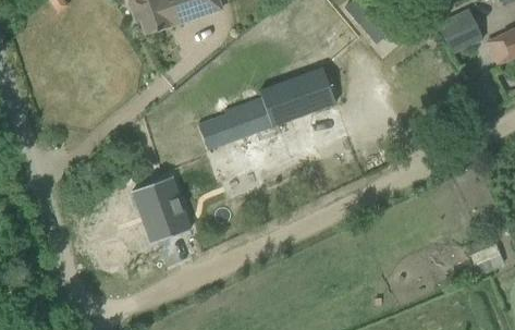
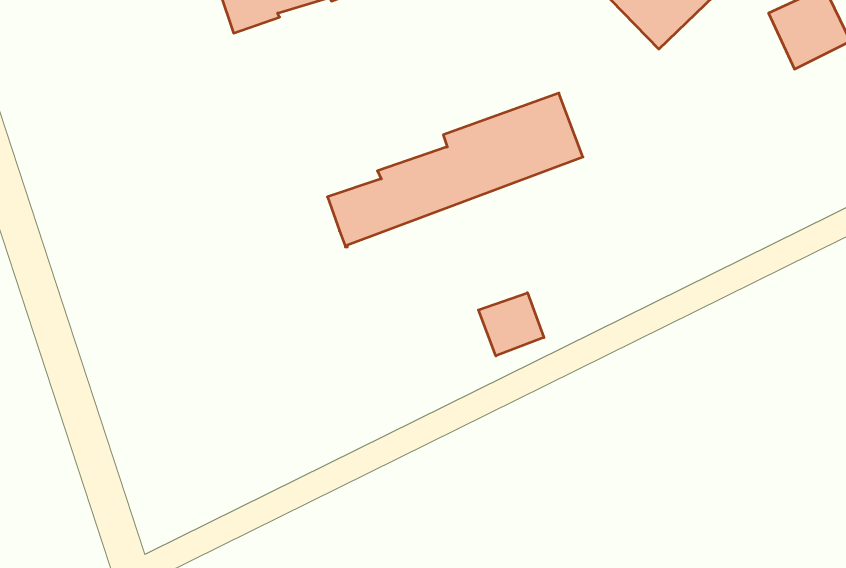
building: none -> [478,293,544,356]
building: [131,176,191,243] -> none

